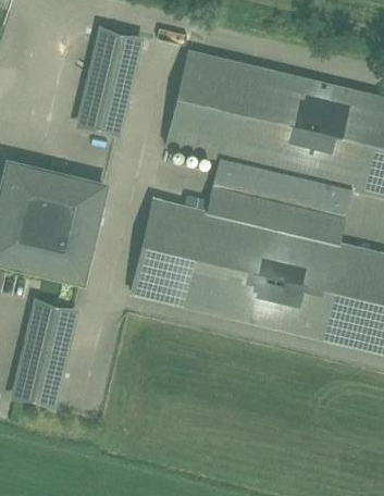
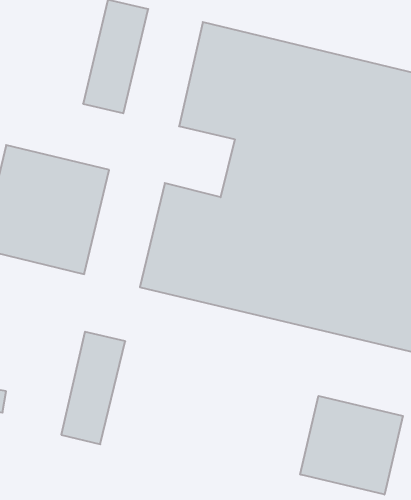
building: [14,302,73,406] -> [61,332,125,444]
building: none -> [300,396,403,495]

